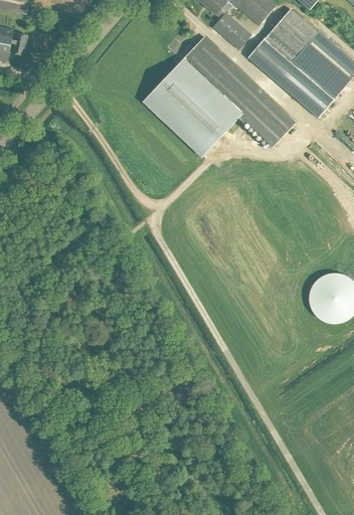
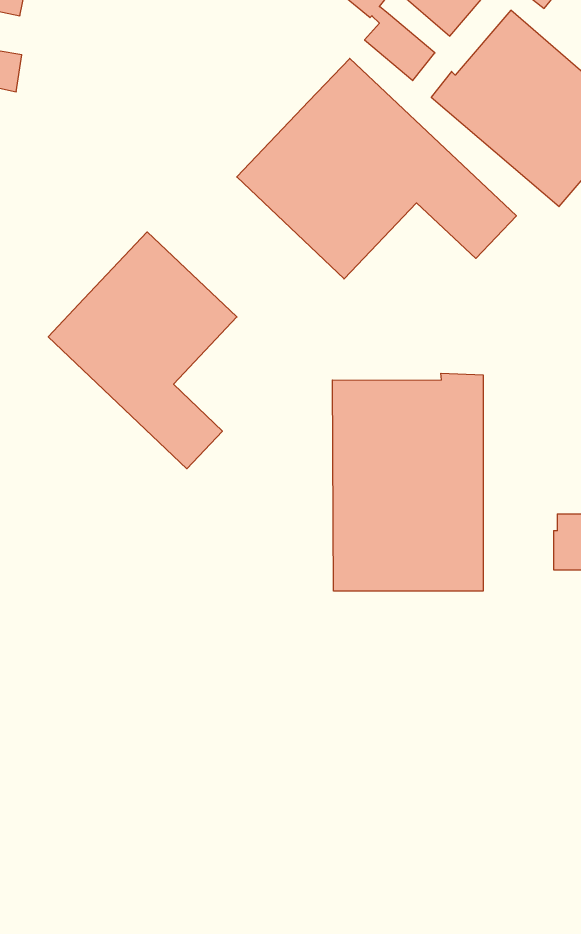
building: none -> [48,232,237,469]
building: none -> [332,373,483,591]

